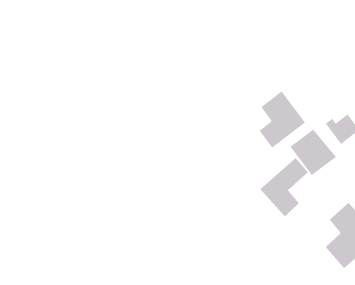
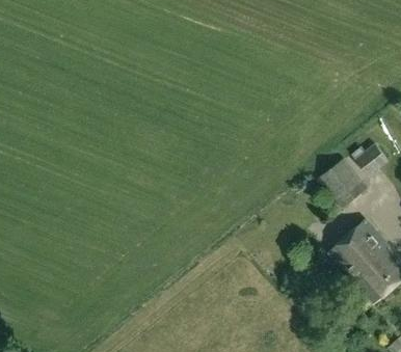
building: [259,91,306,149] -> none
building: [260,157,309,217] -> [326,218,377,280]

